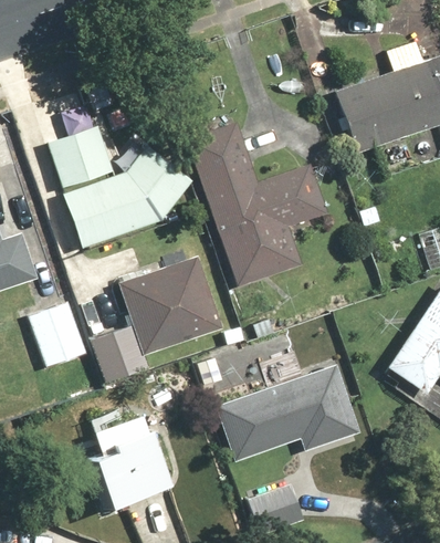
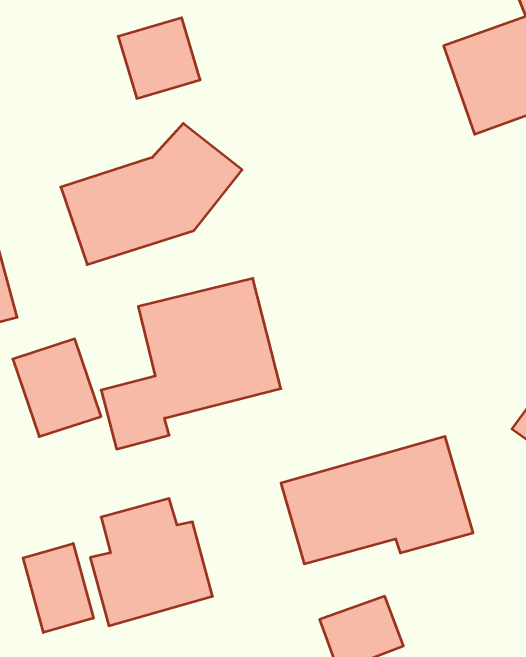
building: [187,123,324,285] -> none
building: [49,128,107,186] -> [118,18,200,98]
building: none -> [23,543,93,633]

